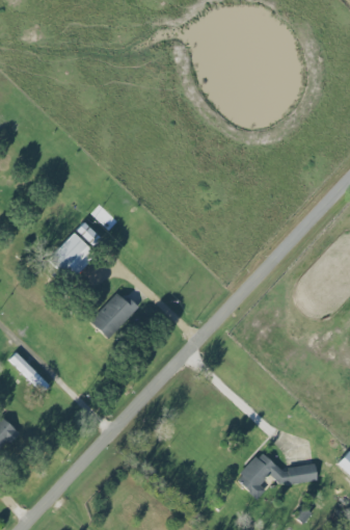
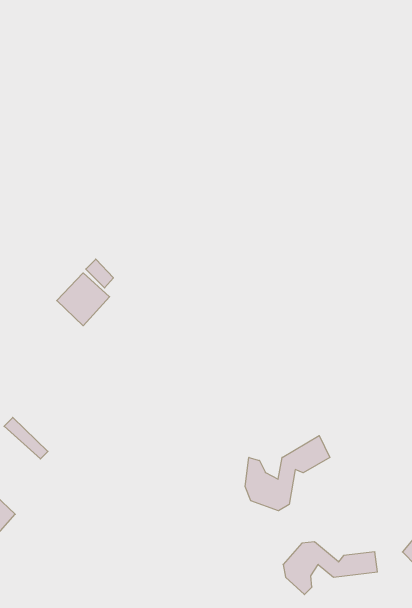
building: [91,291,137,339] -> none
building: none -> [245,436,330,511]

